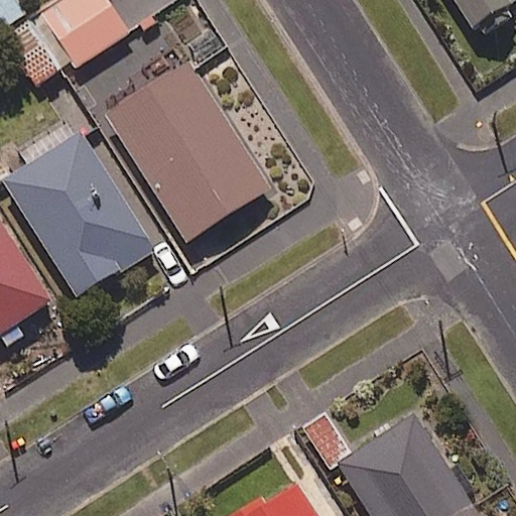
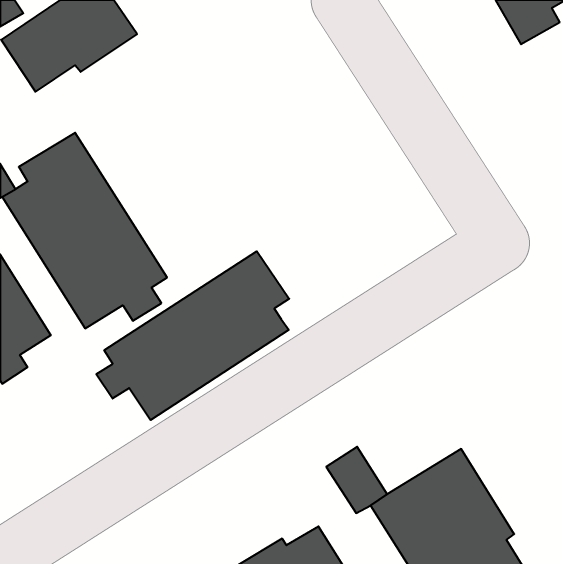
building: [103,58,268,239] -> none
building: none -> [96,251,289,420]

